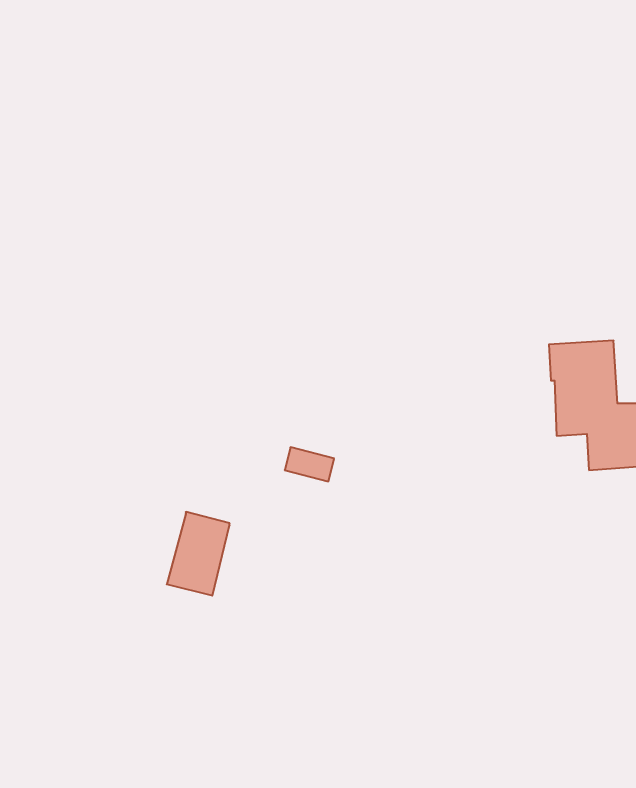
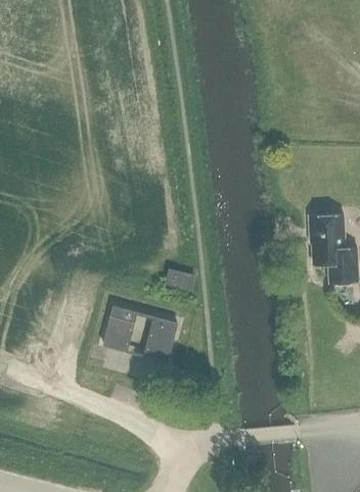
building: none -> [142,314,176,359]

